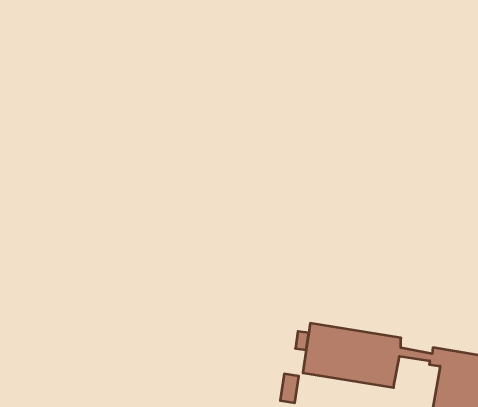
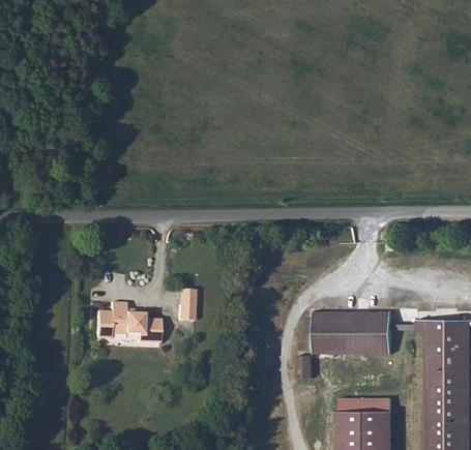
building: none -> [179,283,197,316]
building: none -> [96,296,160,336]

